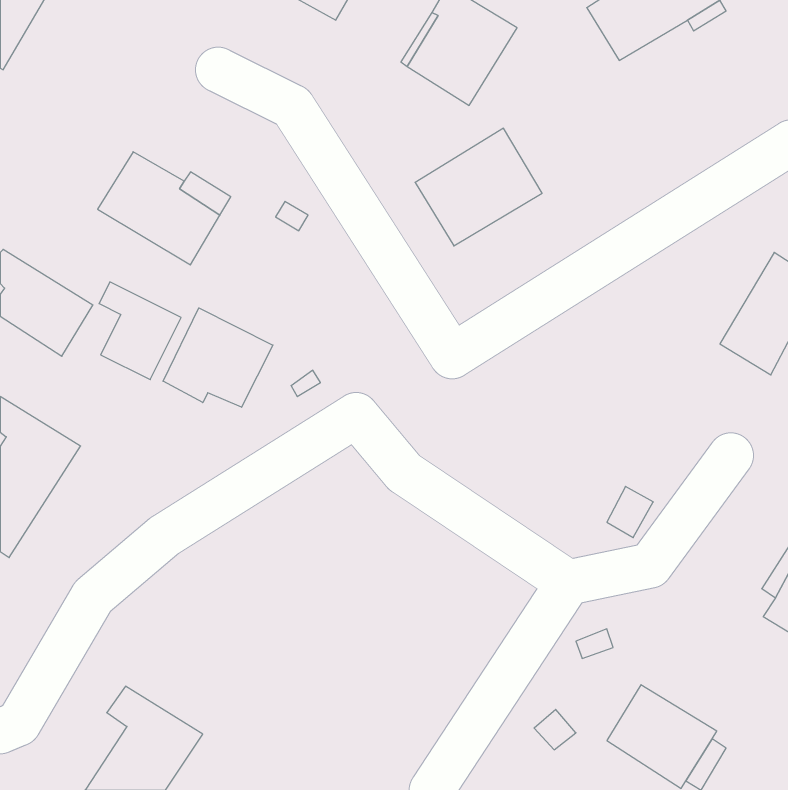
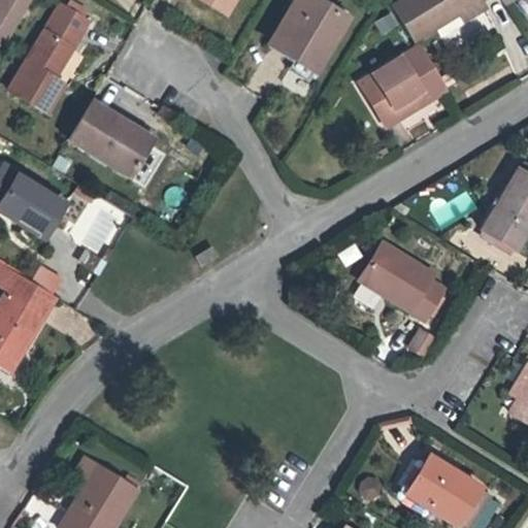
building: none -> [8,4,89,113]
building: [415,128,542,246] -> [360,46,444,125]
building: [163,308,273,407] -> none
building: none -> [361,243,443,318]

